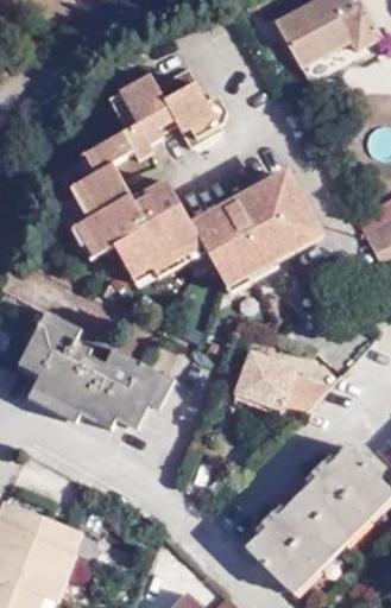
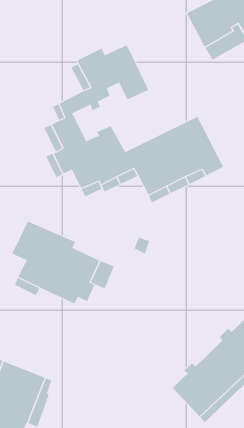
building: [241,350,339,417] -> none

